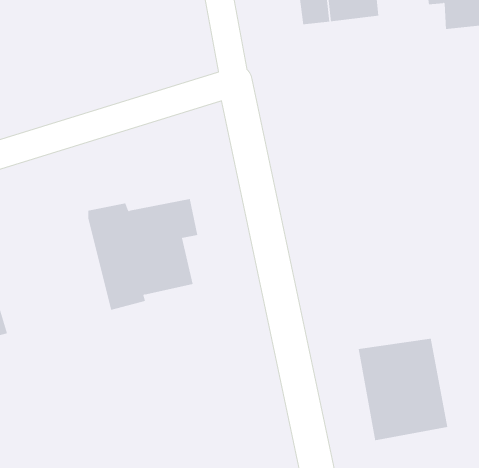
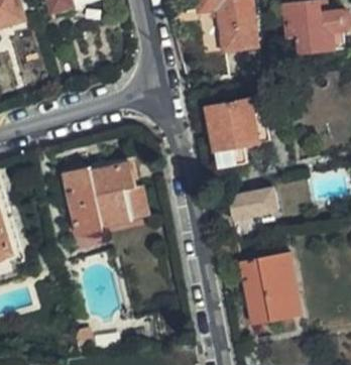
building: none -> [205,96,267,167]
building: none -> [226,190,274,219]

